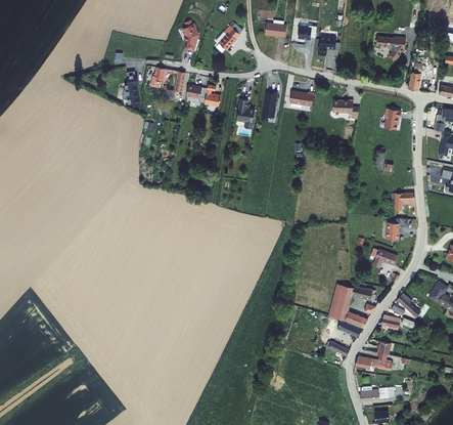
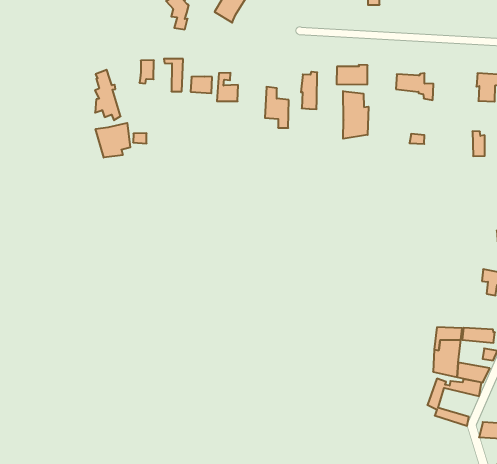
building: none -> [343,91,368,139]
building: none -> [96,123,130,158]

